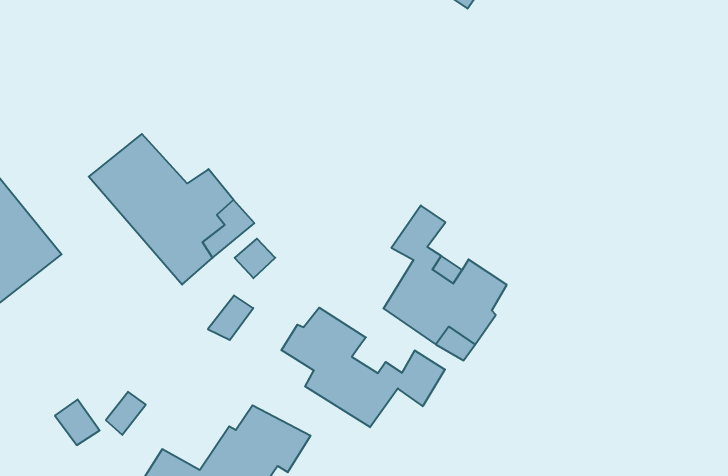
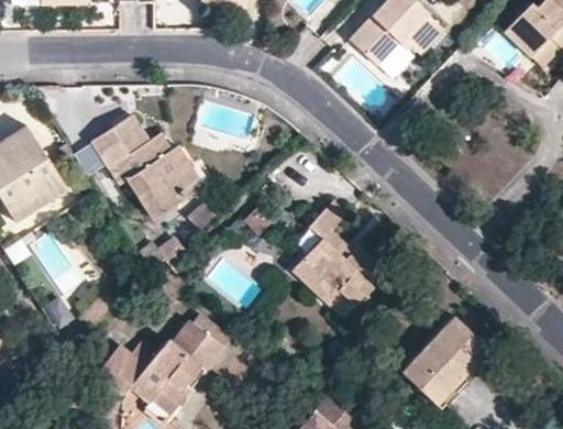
building: [281,308,445,427] -> none
building: none -> [397,308,484,398]

